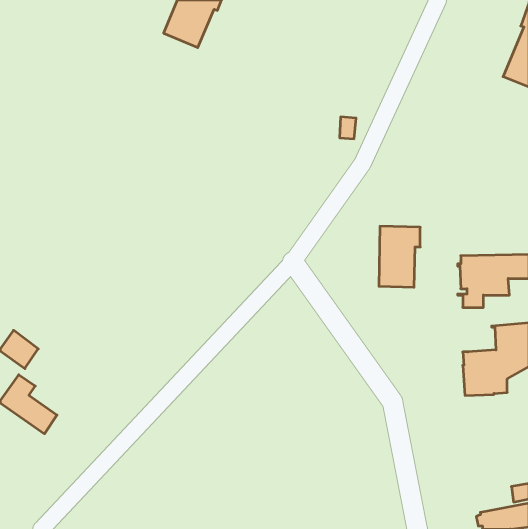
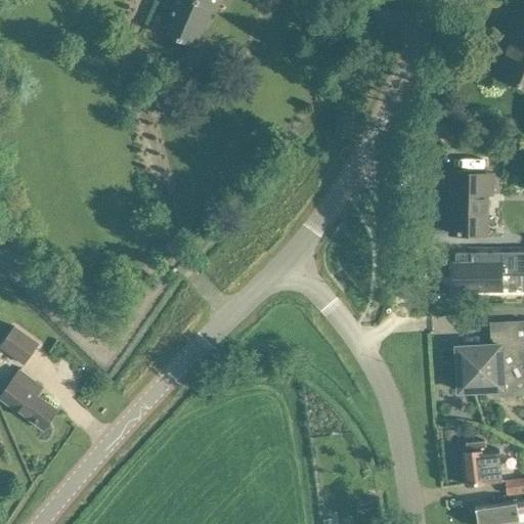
building: [379,226,420,287] -> [451,174,492,234]
building: none -> [464,440,503,485]

